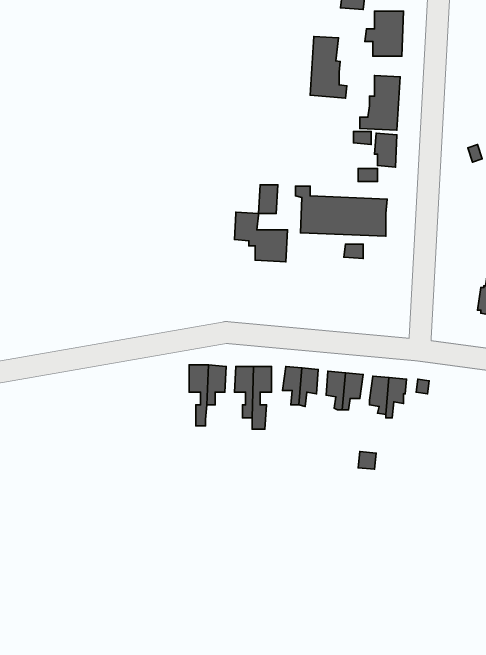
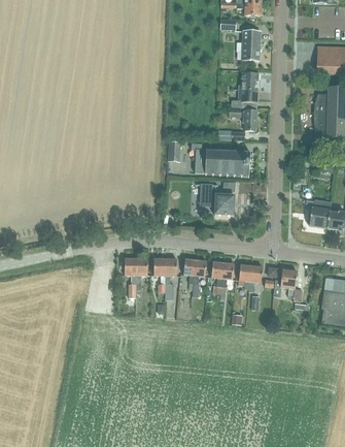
building: [310,36,347,98] -> none
building: [234,212,287,262] -> [201,184,235,216]
building: none -> [273,269,302,301]

